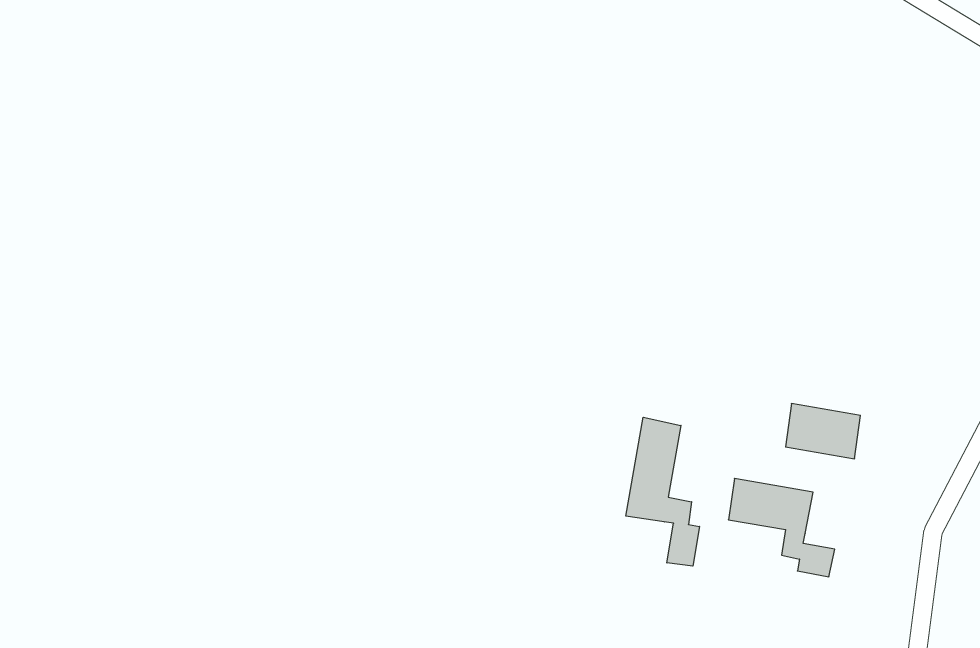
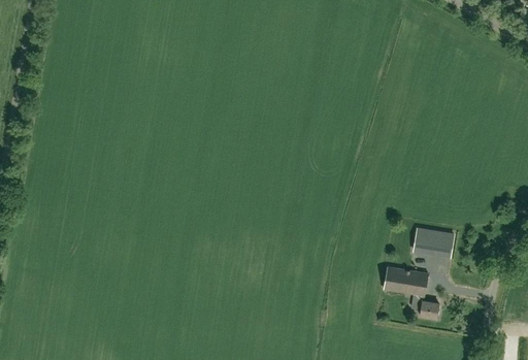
building: [626,417,699,566] -> none

